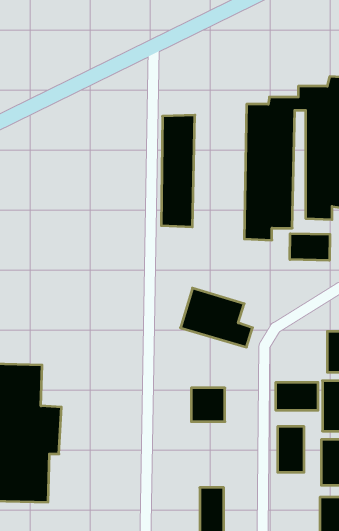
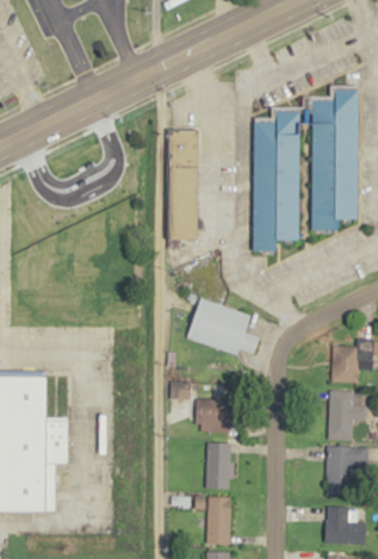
building: [290,234,330,260] -> none
building: [276,382,318,410] -> none
building: [278,427,304,472] -> [205,443,231,489]

